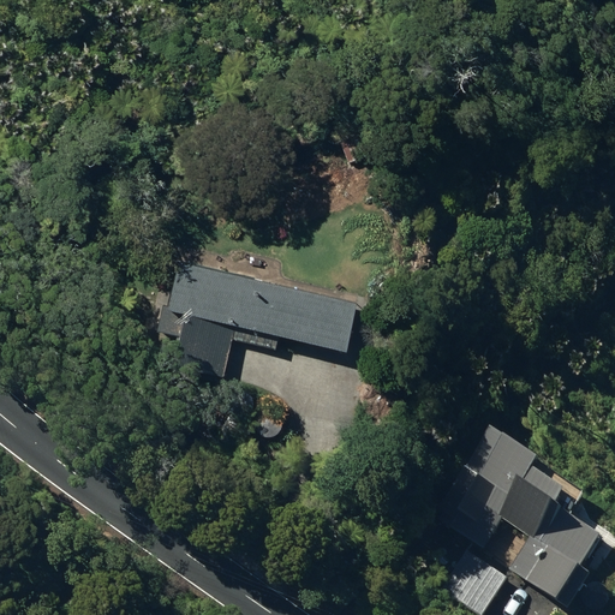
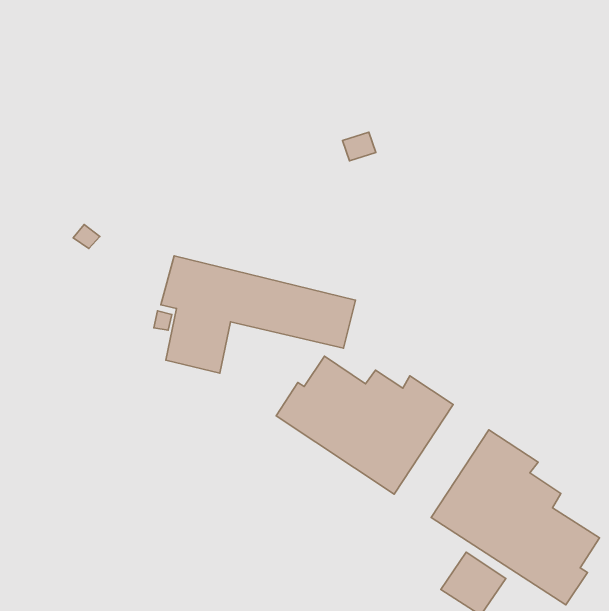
building: none -> [276,356,453,494]

